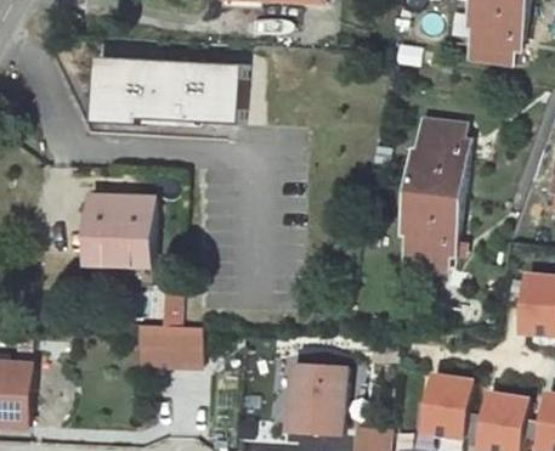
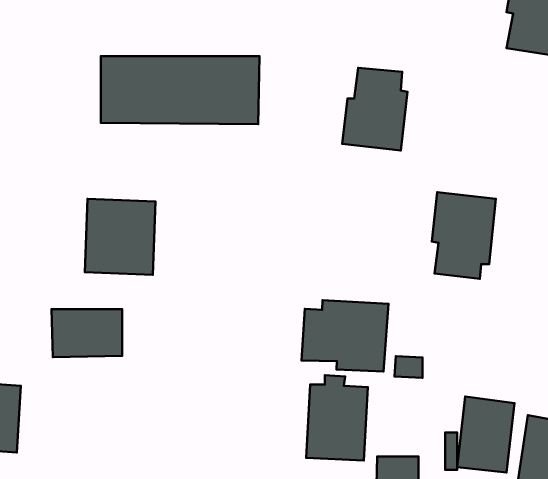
building: [406,118,465,193] -> [342,68,407,150]
building: none -> [302,300,388,372]
building: [134,327,198,371] -> [52,309,122,357]

